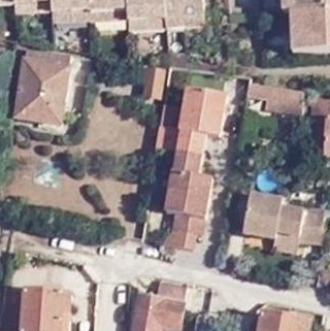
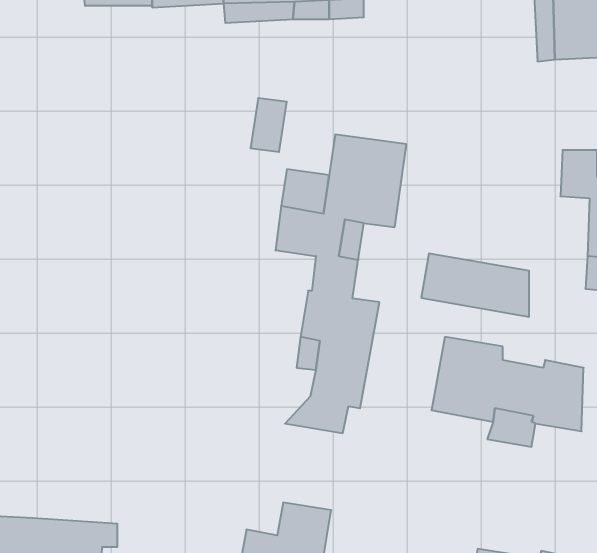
building: [14,47,68,123] -> none
building: [243,81,301,115] -> [421,253,529,317]

